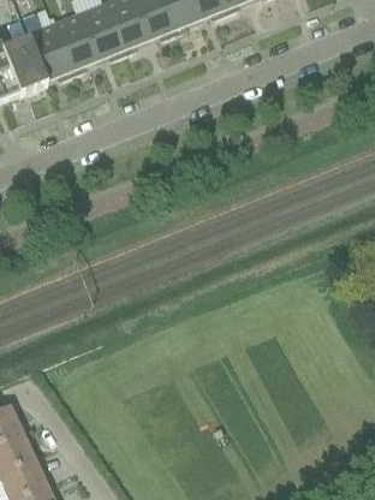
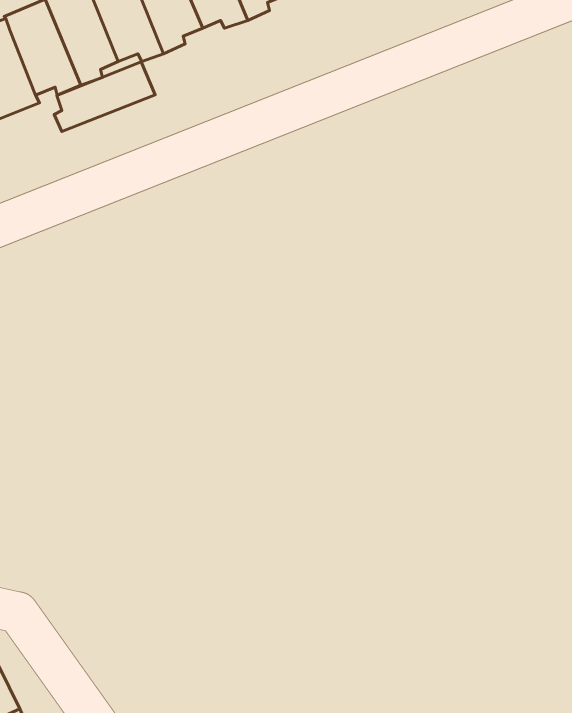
building: none -> [54,62,155,131]

